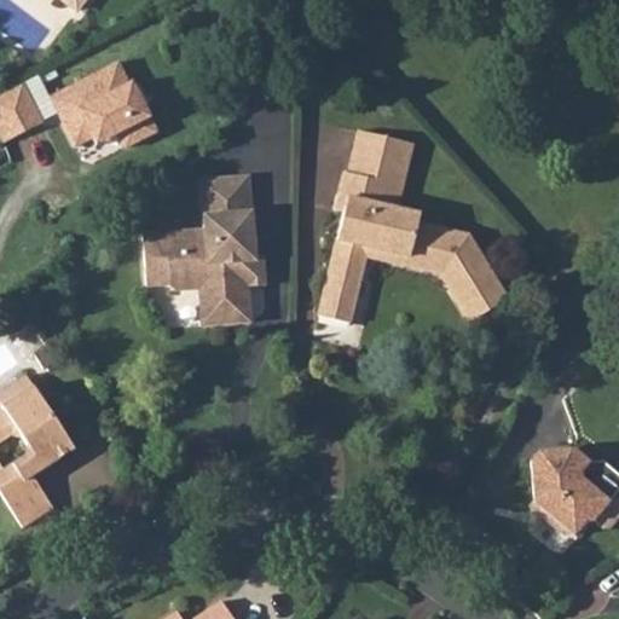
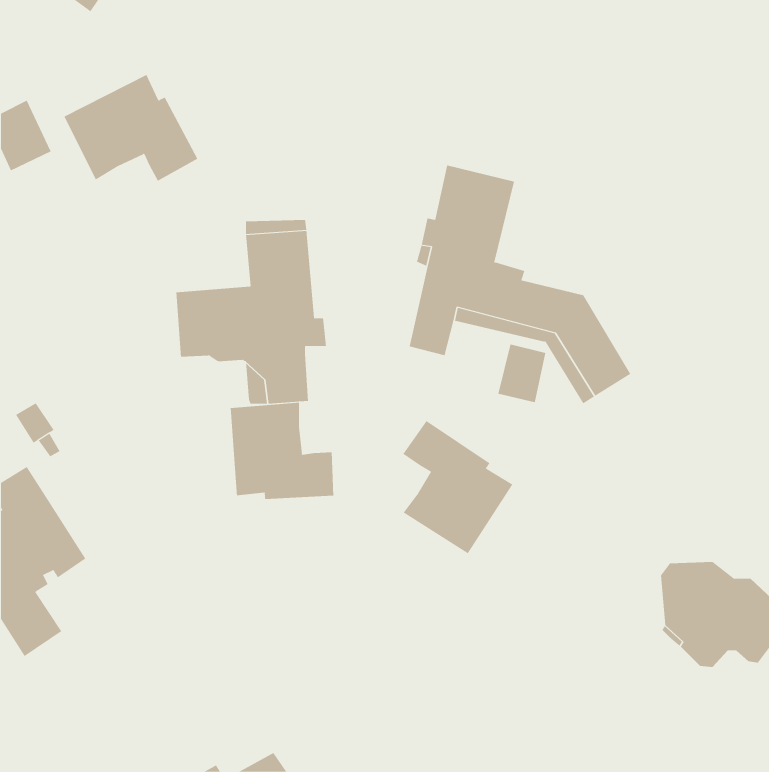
building: [320,277,359,324] -> [498,344,546,403]
building: none -> [230,402,334,500]
building: none -> [402,420,513,554]

